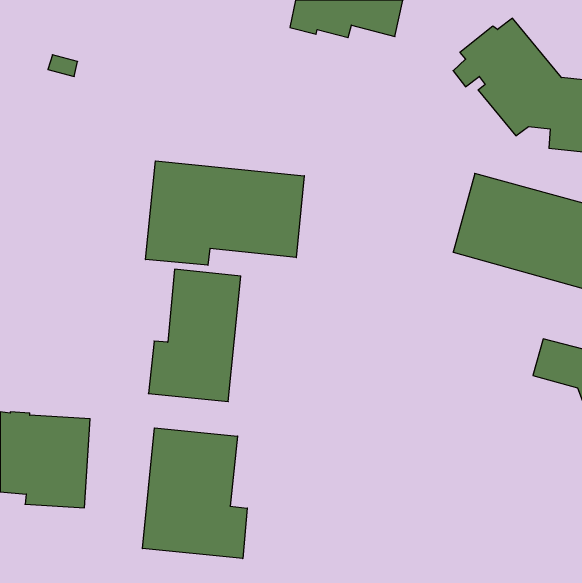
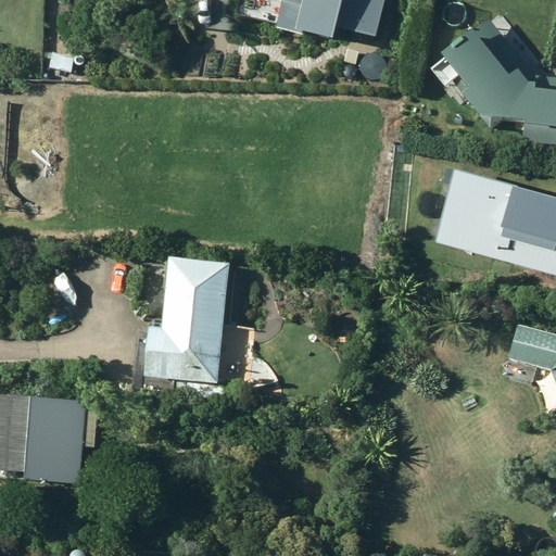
building: [146,161,304,265] -> none
building: [142,428,247,559] -> none

